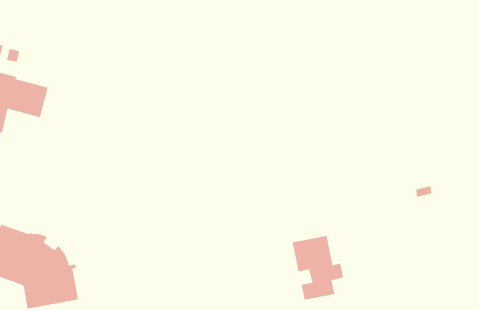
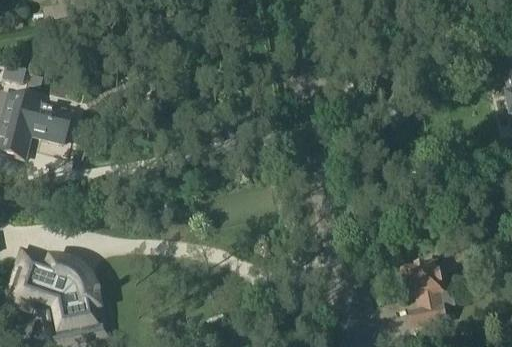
building: [292,235,344,300] -> [403,260,456,326]

